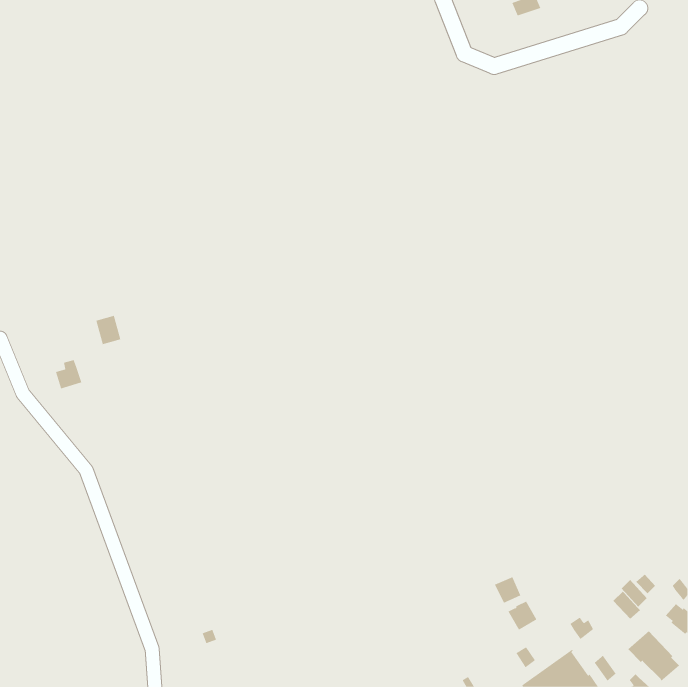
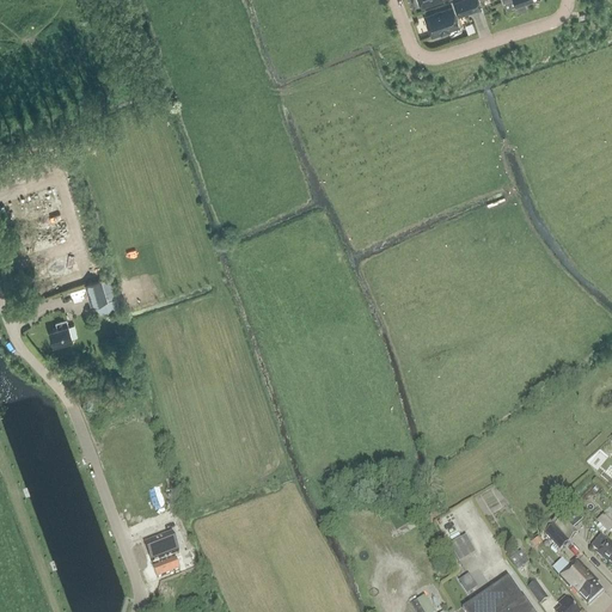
building: none -> [426,7,458,35]
building: none -> [143,532,178,561]

